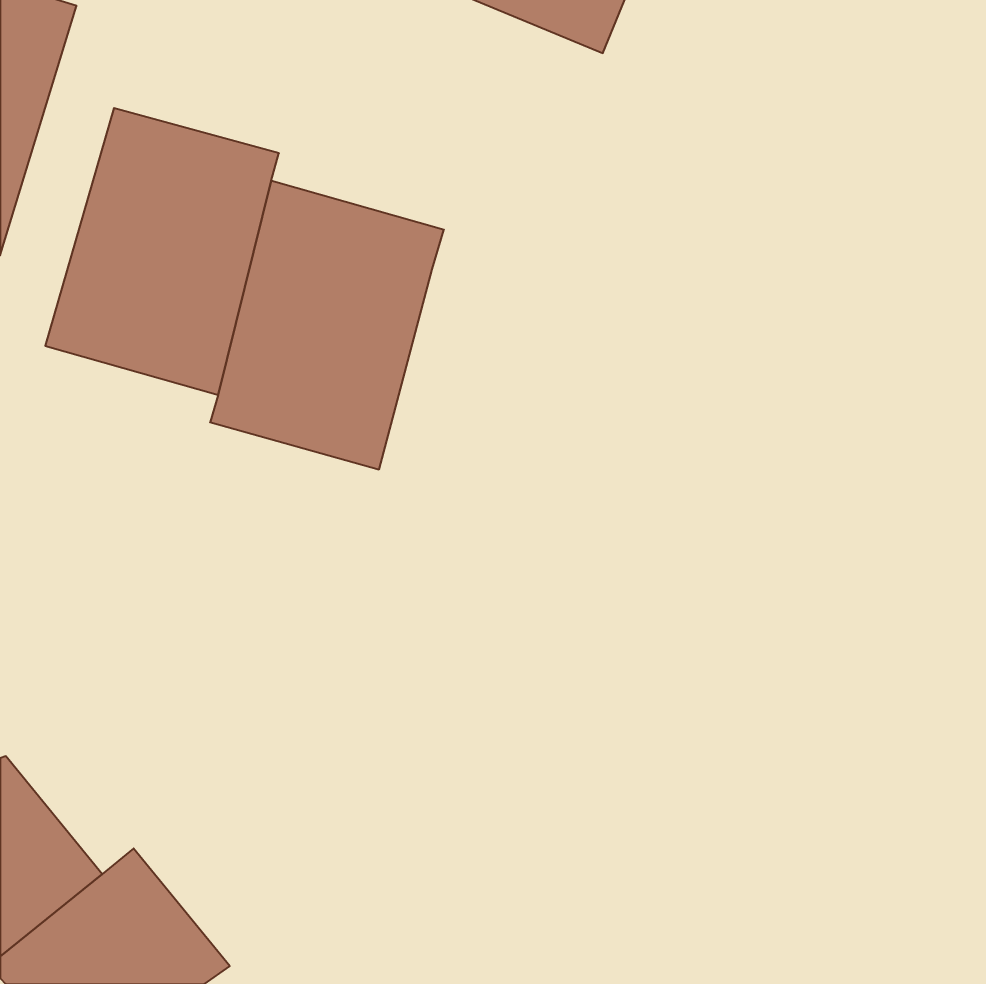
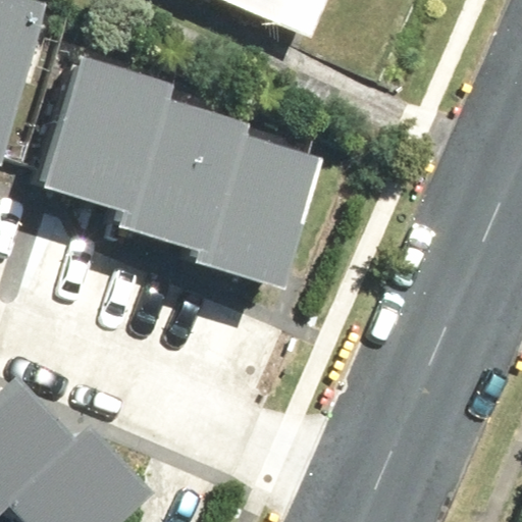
building: none -> [201,140,321,289]

